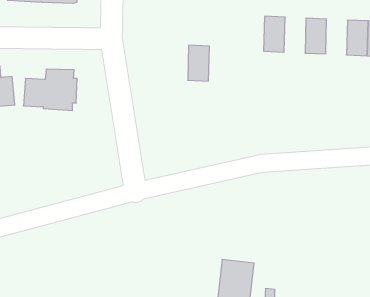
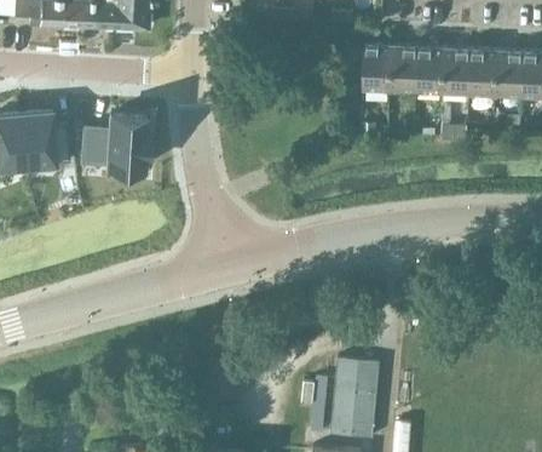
building: none -> [416,47,444,93]
building: none -> [469,50,497,96]
building: [188,45,209,81] -> [363,45,391,91]

